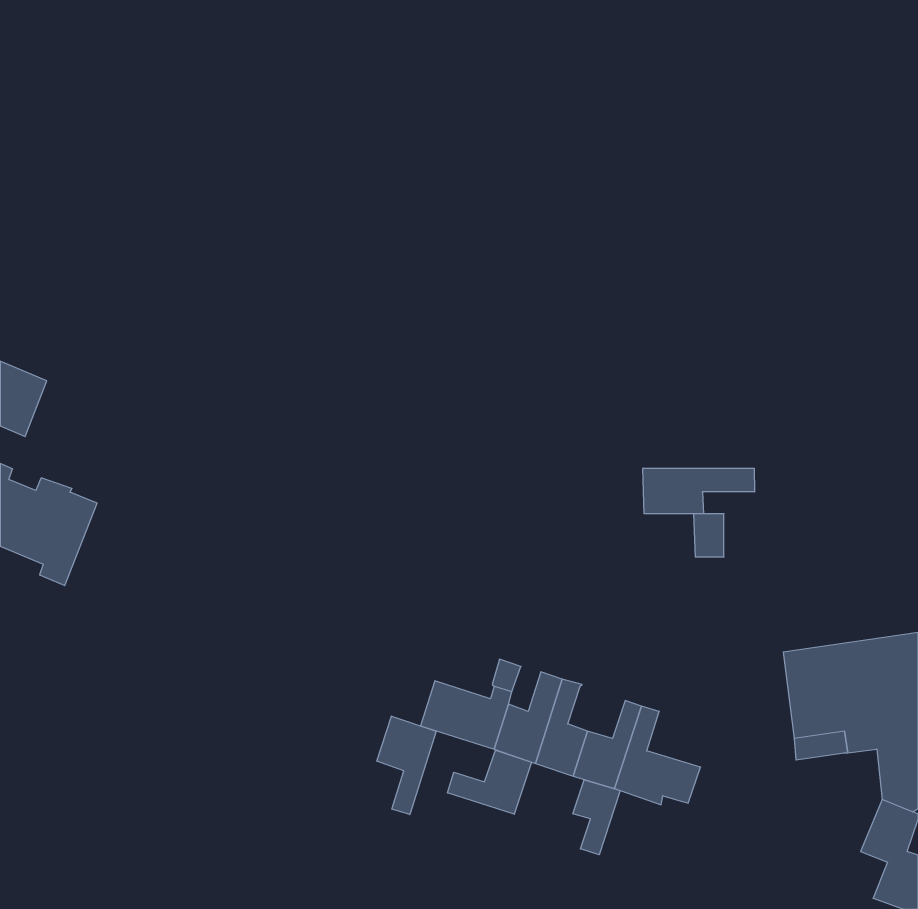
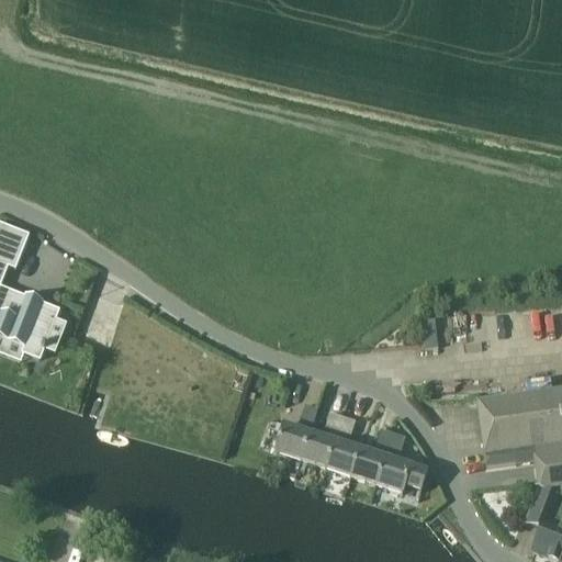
building: [643,468,755,514] -> none
building: [377,716,436,815] -> none
building: [447,750,532,814] -> none
building: [573,780,620,855] -> none

